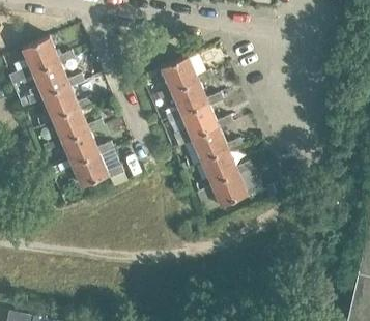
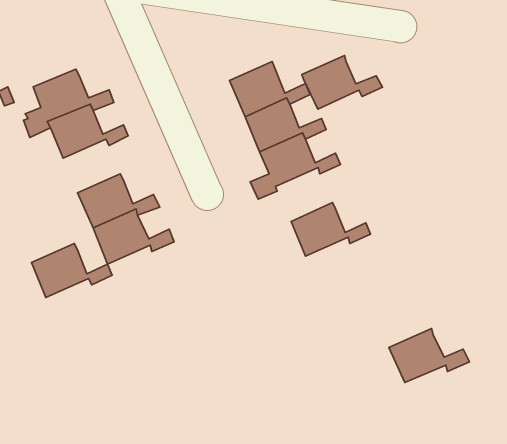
building: [22,38,75,74] -> none
building: [52,108,105,143] -> [31,244,112,297]
building: [191,126,244,162] -> [302,55,383,109]
building: [210,172,263,207] -> [389,329,470,382]

